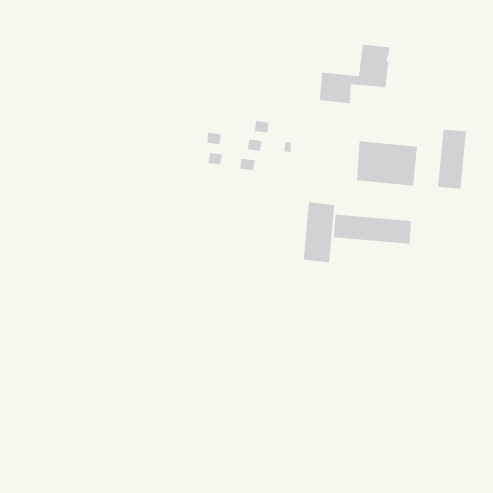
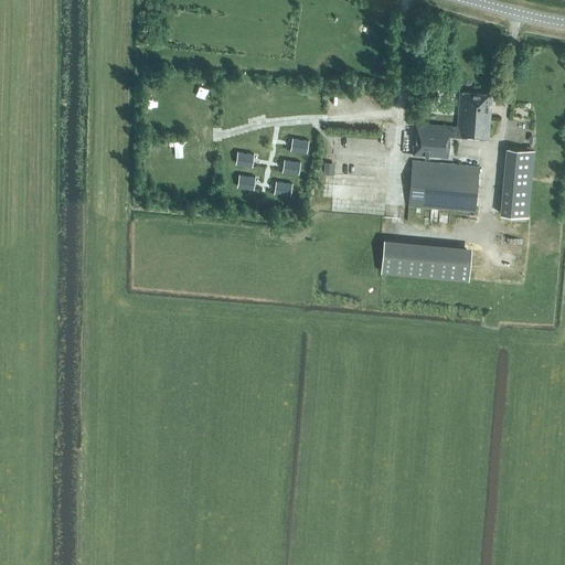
building: [319,44,390,104] -> [411,90,492,159]
building: [303,202,335,263] -> none

